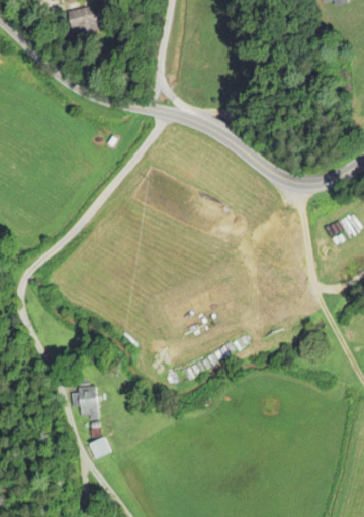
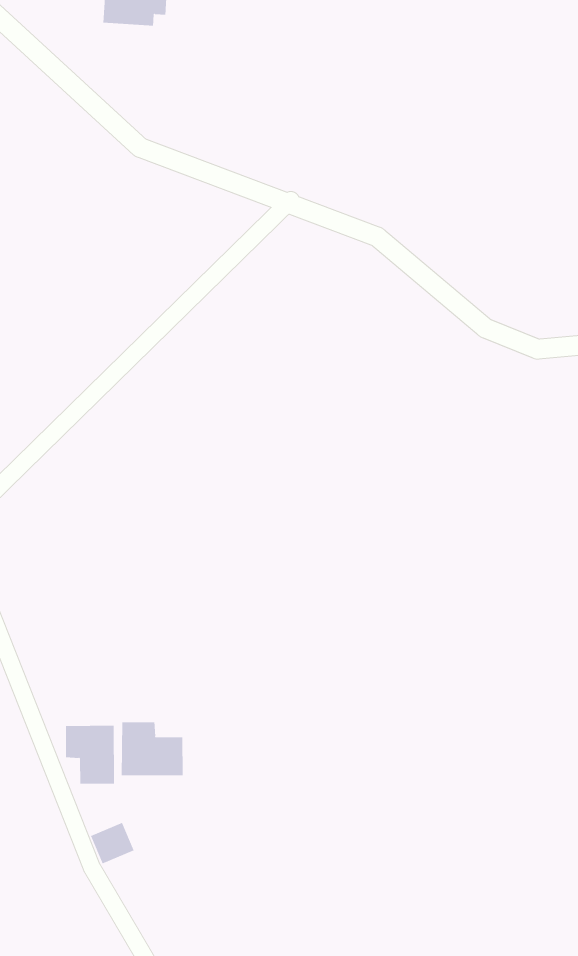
building: none -> [121,721,183,776]

